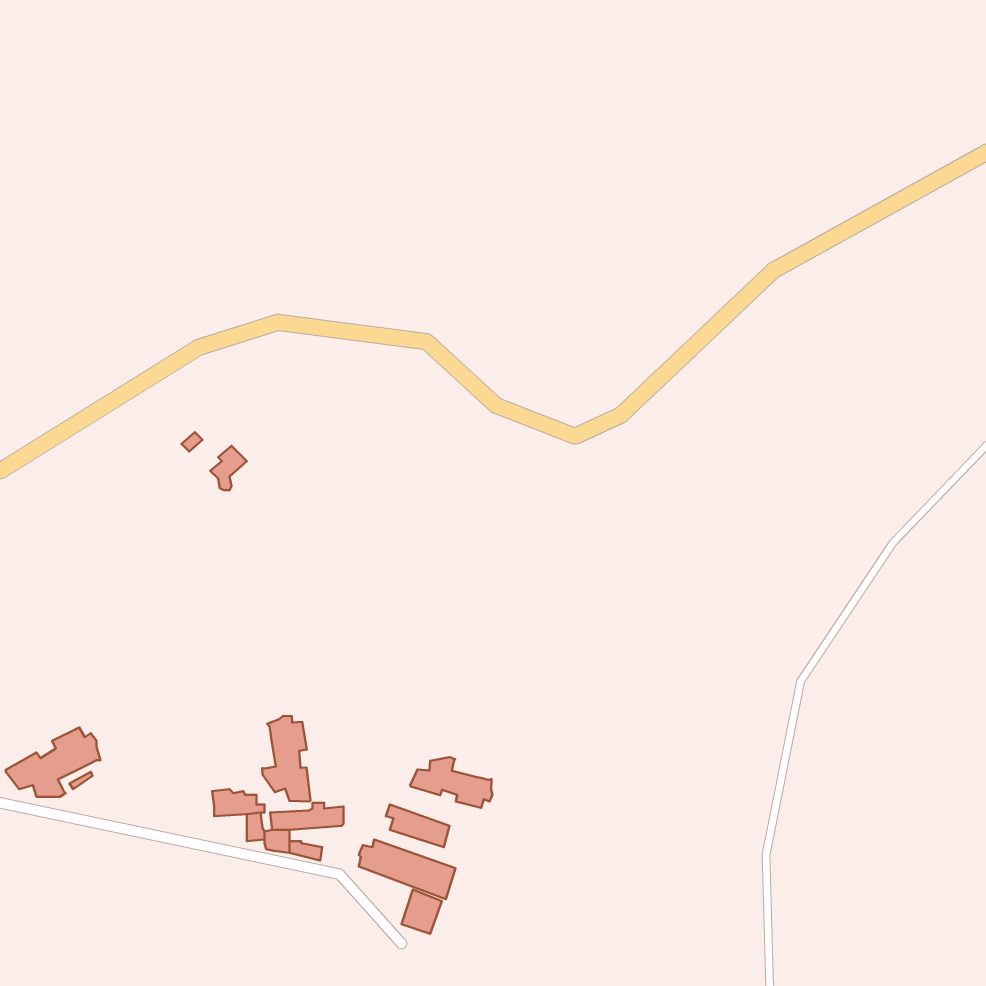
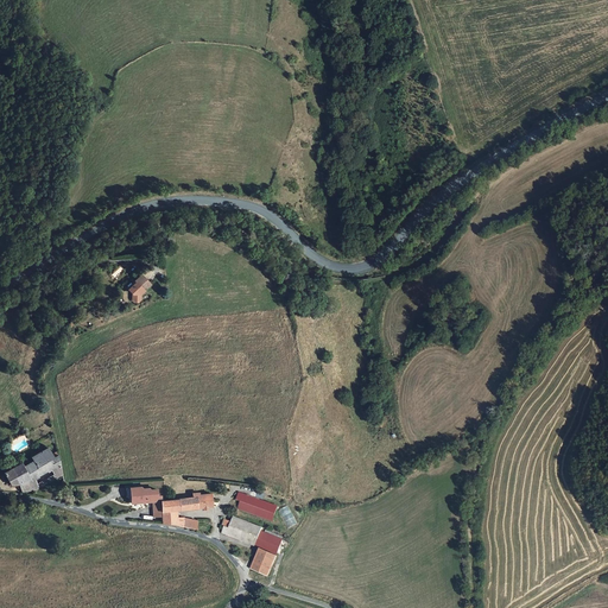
building: [262,716,310,802] -> none
building: [410,757,493,808] -> none

